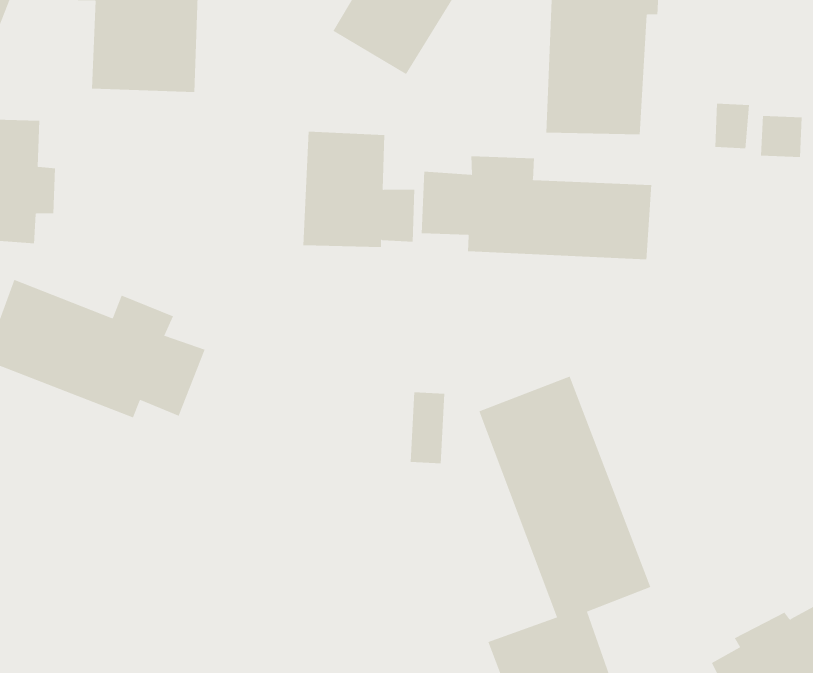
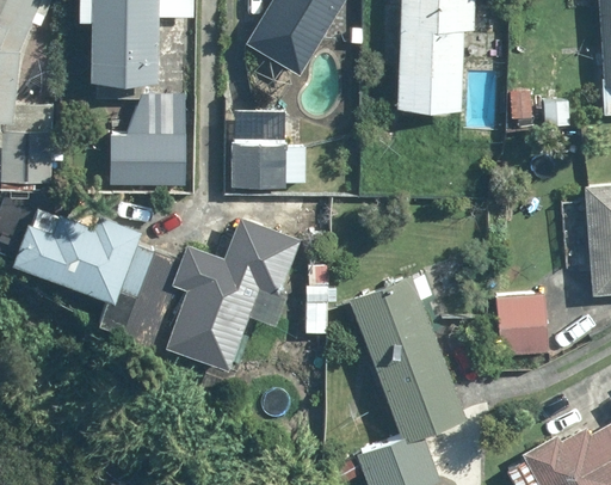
building: none -> [107,94,187,188]
building: [421,156,652,260] -> none
building: none -> [163,219,302,374]
building: none -> [496,294,548,355]

